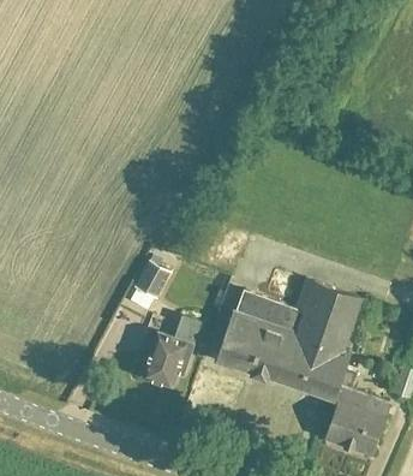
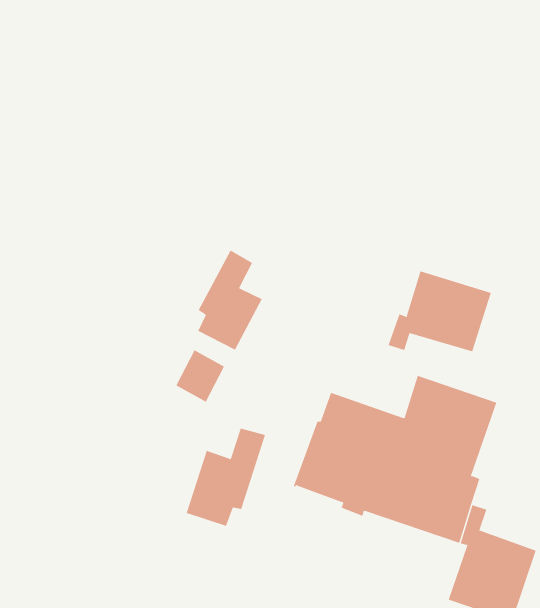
building: none -> [197,249,262,351]
building: none -> [388,270,491,352]

